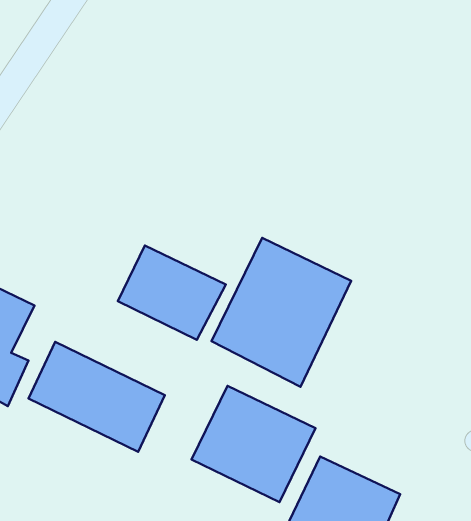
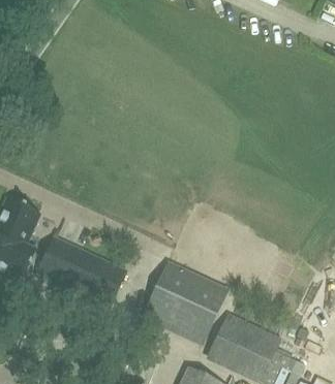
building: [212,238,351,387] -> none
building: [118,245,226,340] -> none

